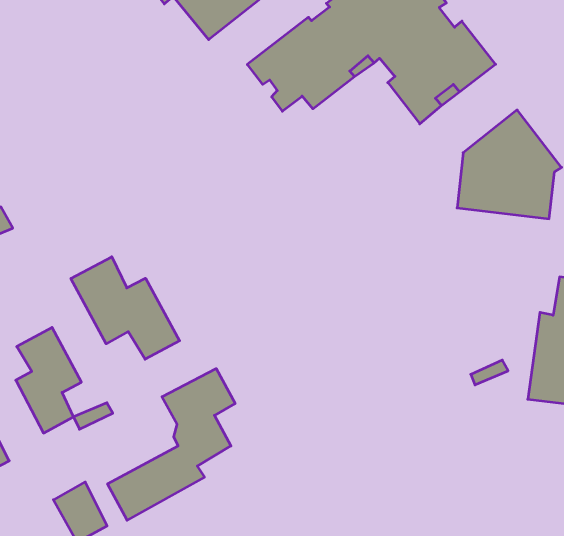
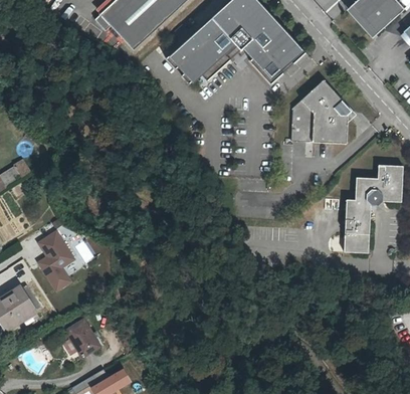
building: [71,257,180,359] -> none
building: [108,369,235,520] -> none

